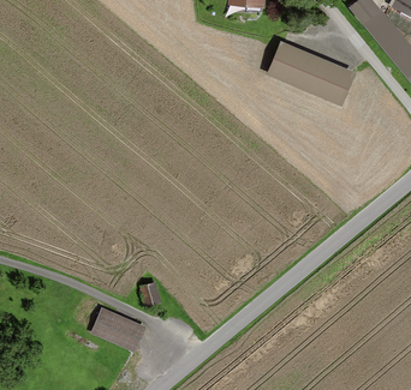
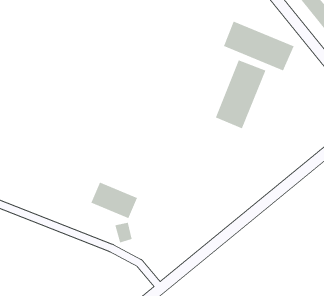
building: none -> [215,60,266,129]
building: [89,307,145,352] -> [91,182,138,219]

